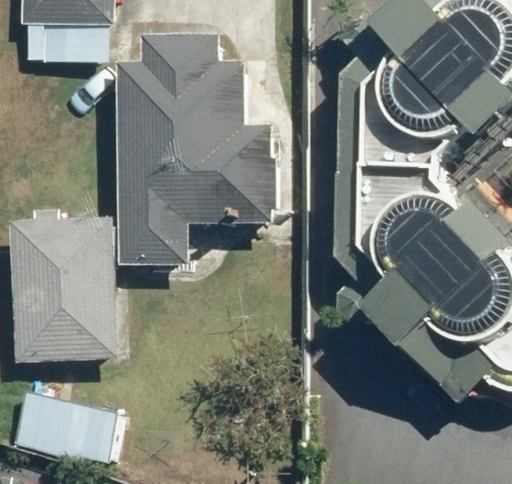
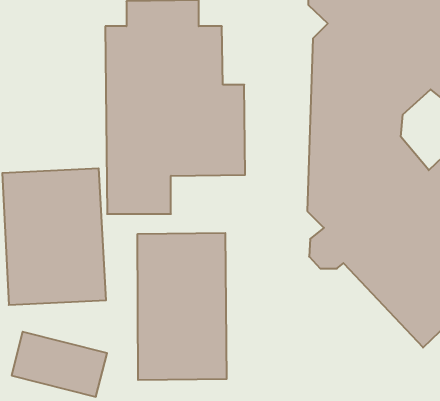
building: none -> [138,233,227,380]

